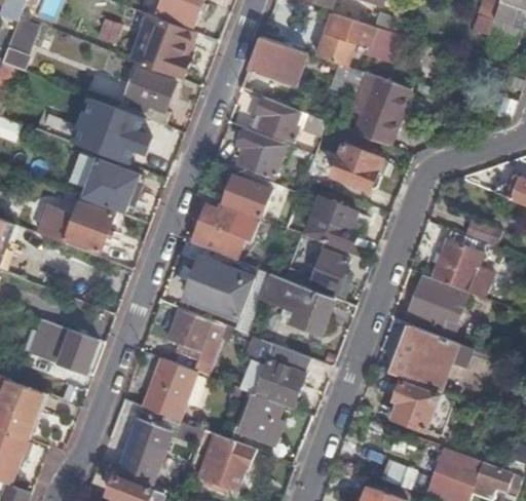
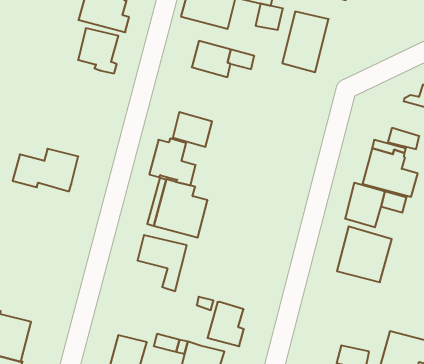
building: [74,99,149,164] -> none
building: [235,127,281,177] -> none
building: [331,137,391,192] -> none
building: [80,158,139,211] -> none
building: [305,198,354,250] -> none
building: [309,249,346,294] -> none
building: [258,273,333,334] -> none
building: [31,319,97,374] -> none
building: [255,343,305,409] -> none
building: [140,358,194,421] -> none
building: [392,380,439,430] -> none

